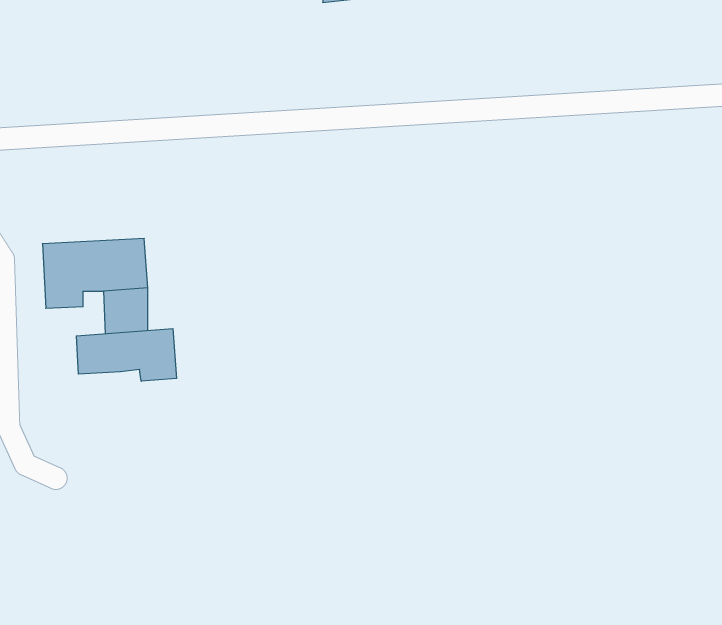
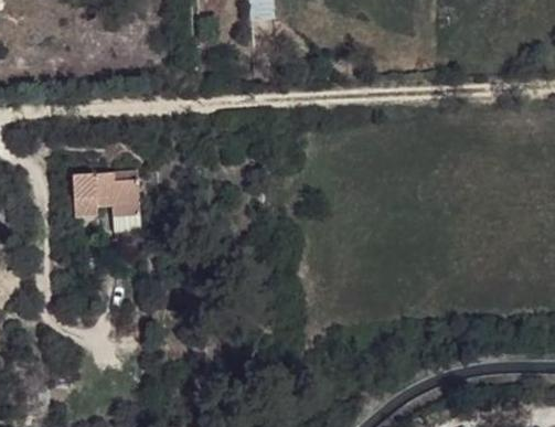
building: [76,329,177,381] -> none

